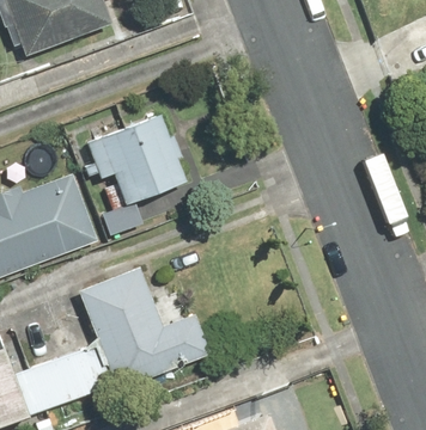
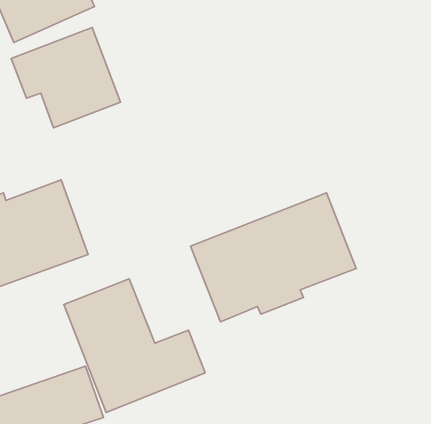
building: [84,113,185,207] -> [11,28,120,128]
building: none -> [191,193,356,322]

